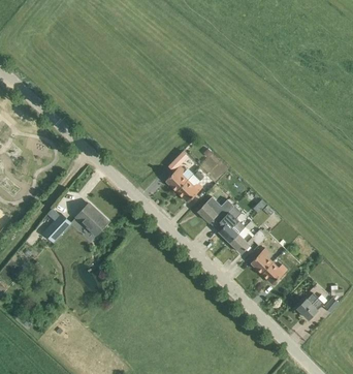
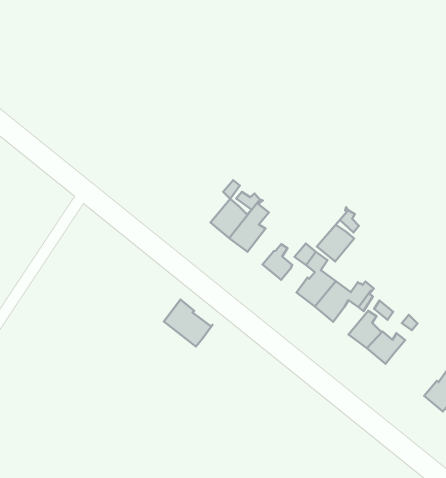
building: none -> [317,207,359,262]
building: [74,202,106,235] -> [164,300,212,346]
building: [41,208,70,243] -> none

